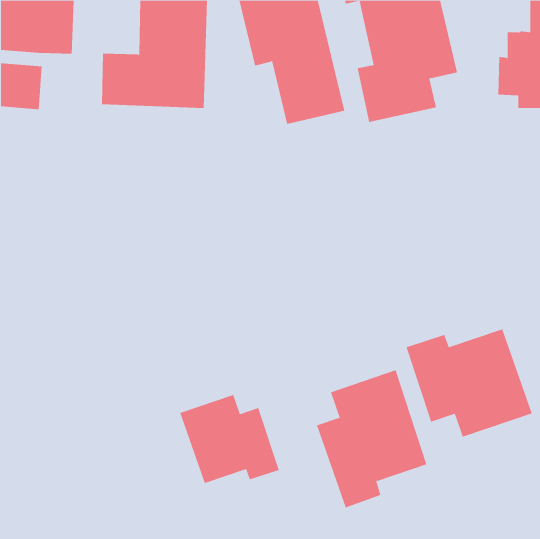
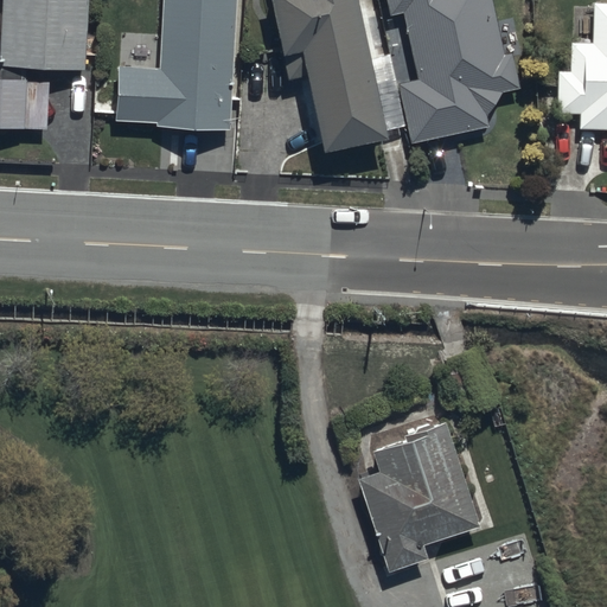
building: [406,328,533,438] -> none
building: [179,394,280,484] -> none

